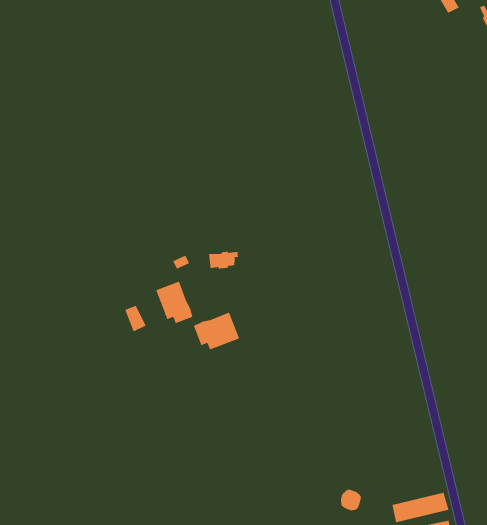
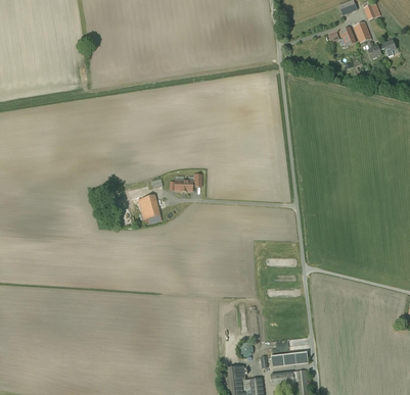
building: [193,311,240,351] -> none

